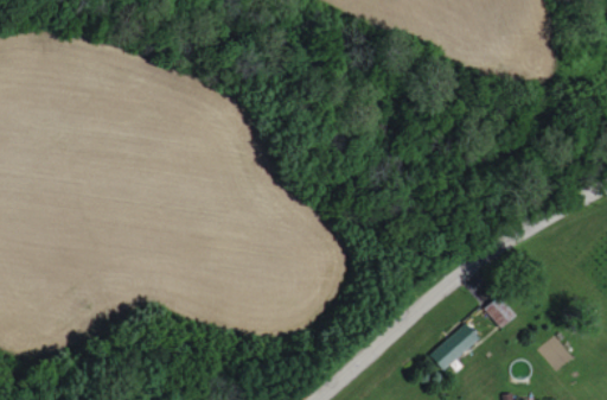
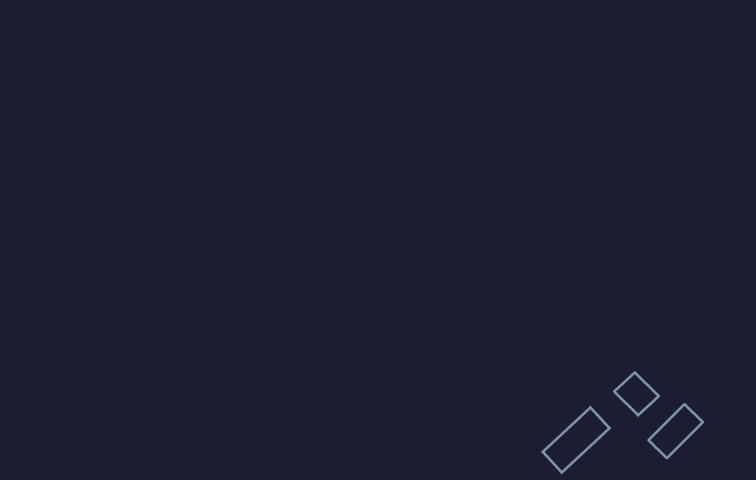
building: none -> [649,404,703,458]

